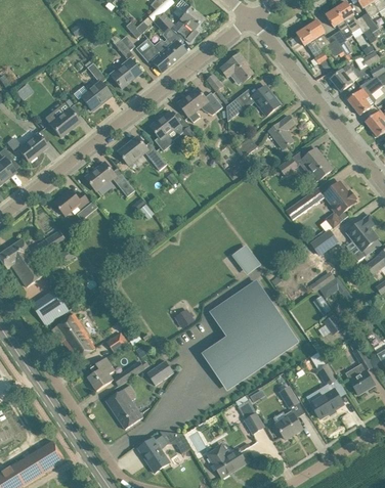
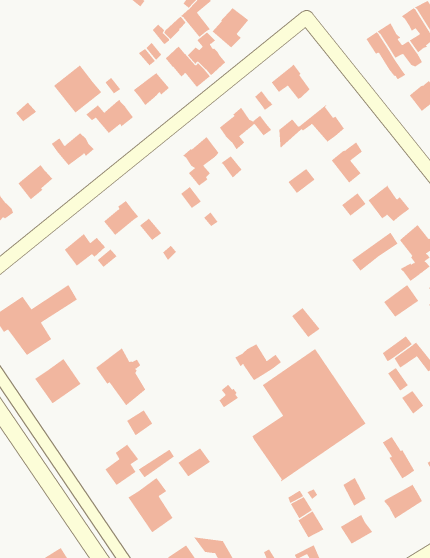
building: none -> [53,64,102,114]
building: [119,136,147,165] -> none
building: none -> [235,343,282,383]
building: [51,312,92,359] -> [95,347,146,406]

